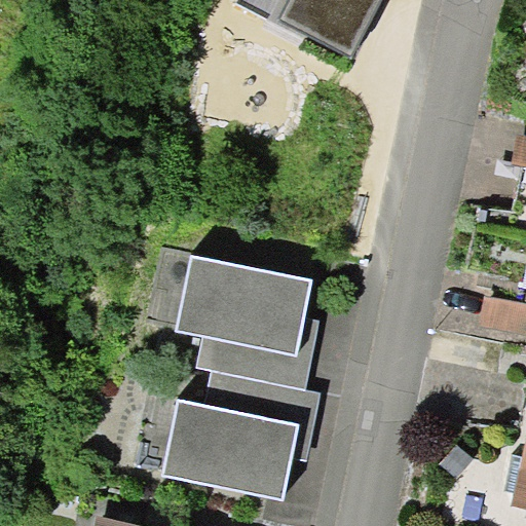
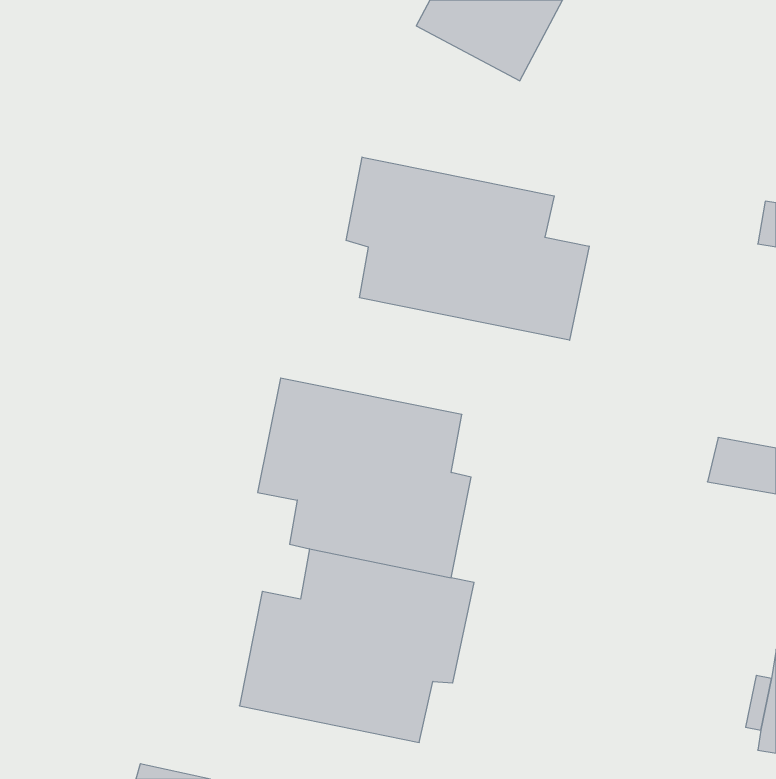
building: none -> [346,157,589,340]

